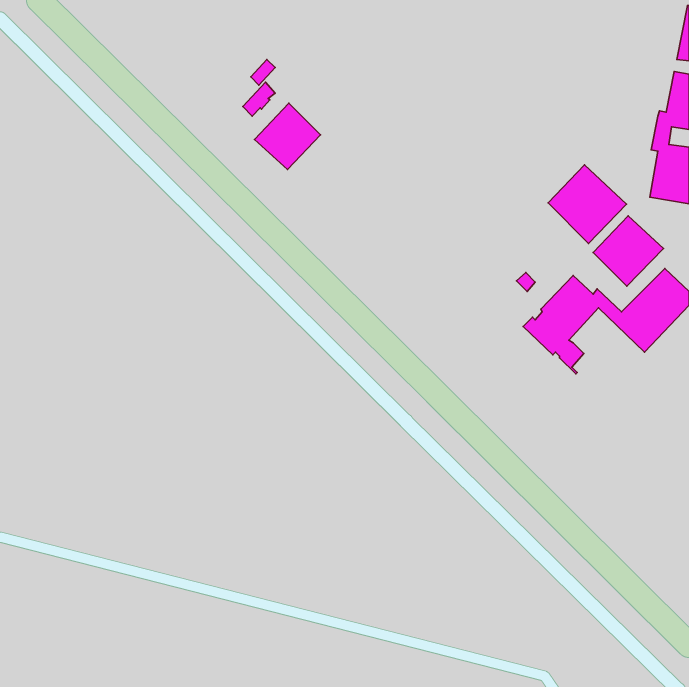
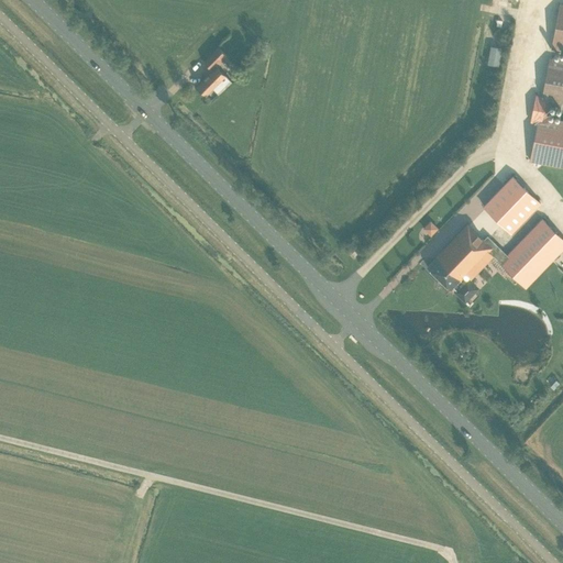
building: [254,103,320,170] -> none
building: [548,165,626,243] -> none

